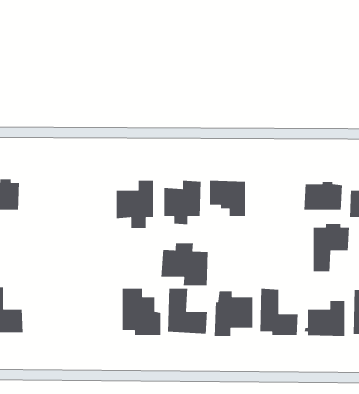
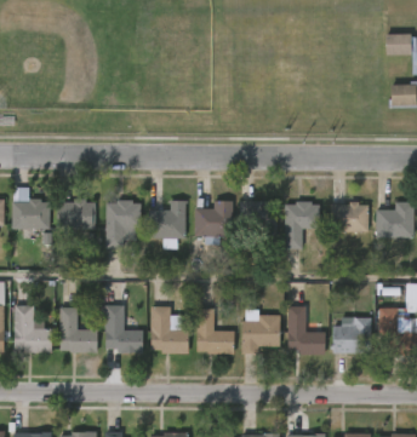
building: none -> [56,199,96,230]
building: none -> [103,200,141,249]
building: [313,223,350,272] -> [284,201,320,249]
building: [160,242,208,286] -> none
building: none -> [103,304,142,352]
building: none -> [59,306,97,351]

